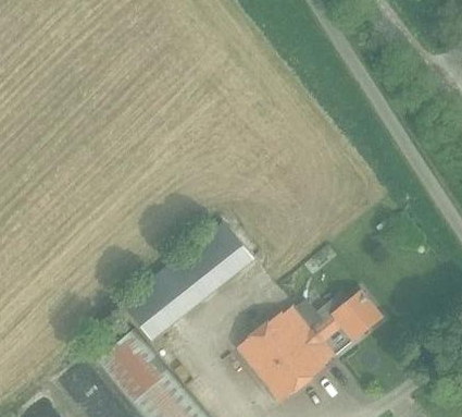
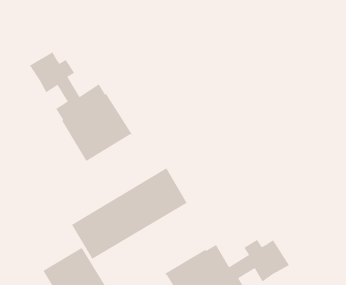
building: none -> [29,51,132,162]

